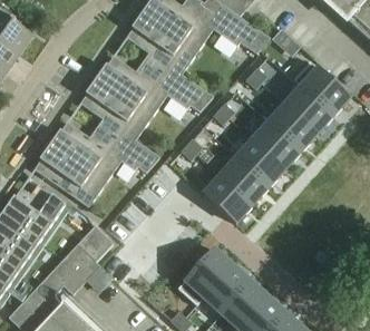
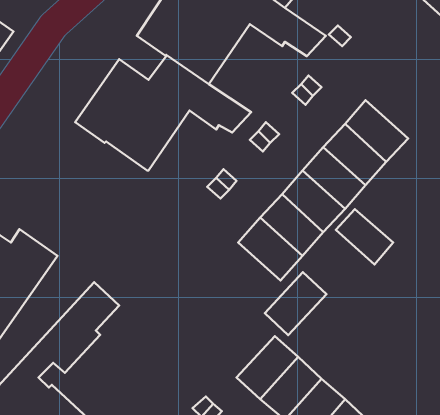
building: [301,68,350,115] -> none
building: [35,117,159,206] -> none
building: none -> [336,209,393,264]
building: [185,249,232,296] -> [265,272,326,335]

